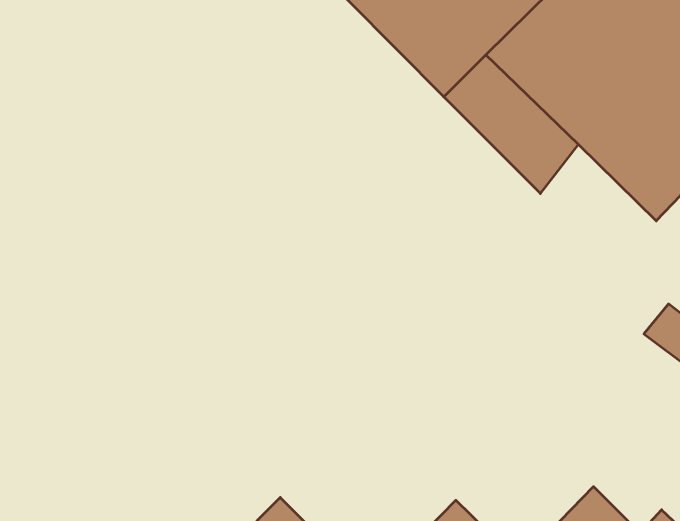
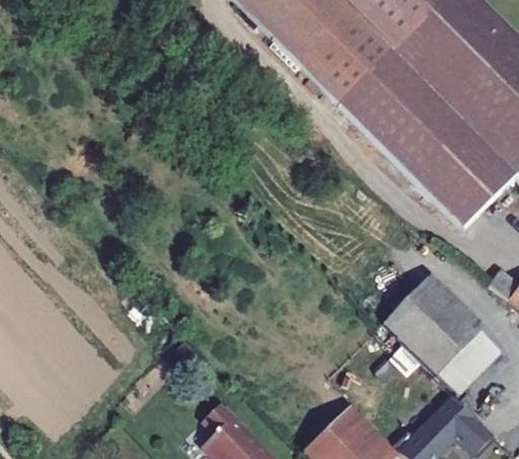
building: none -> [413,140,499,230]
building: none -> [382,270,506,391]

